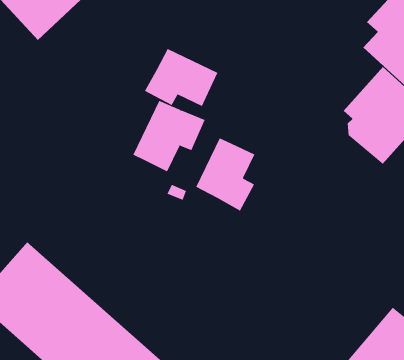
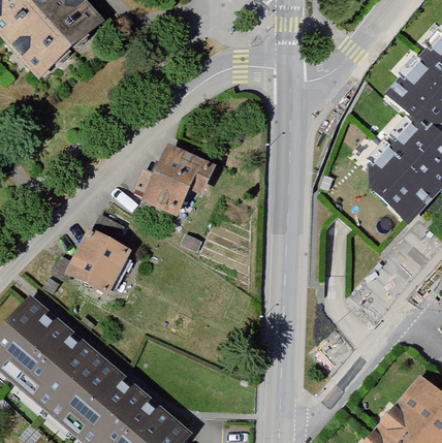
building: [144,48,218,107] -> none
building: [195,137,255,211] -> none
building: none -> [67,215,136,299]

